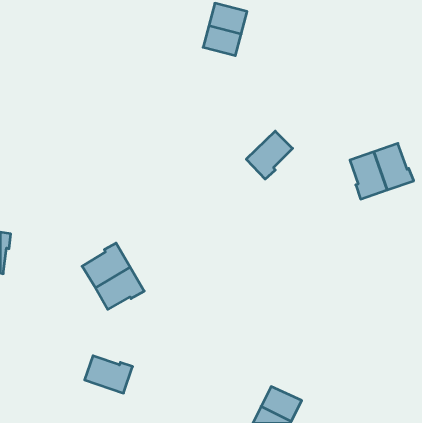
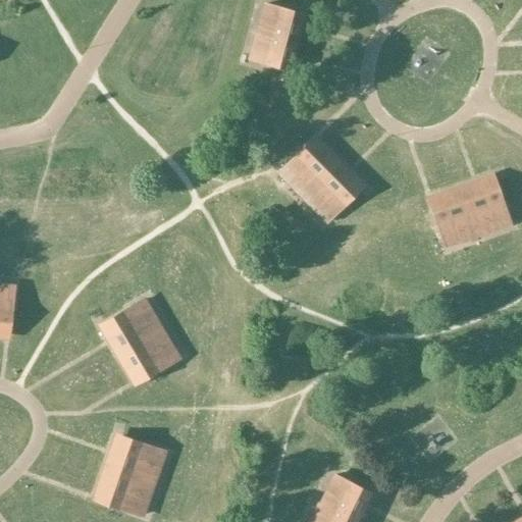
building: none -> [280,139,341,196]
building: none -> [96,467,154,516]

